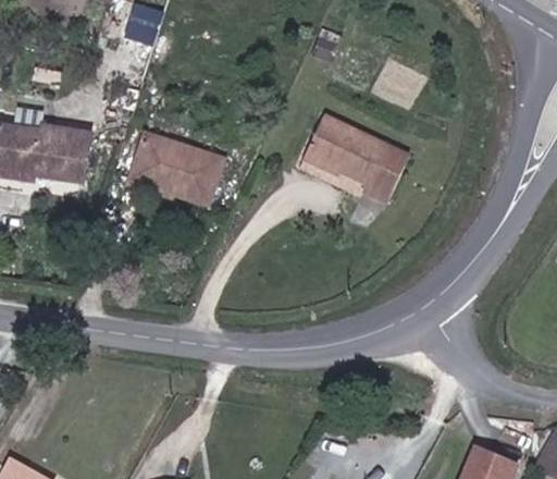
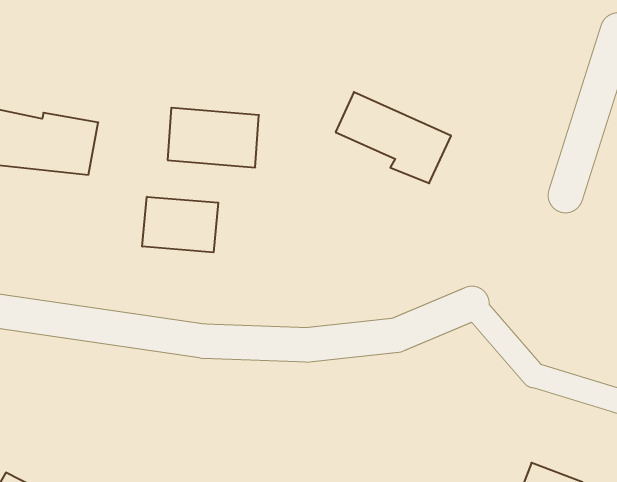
building: none -> [142,197,218,252]

